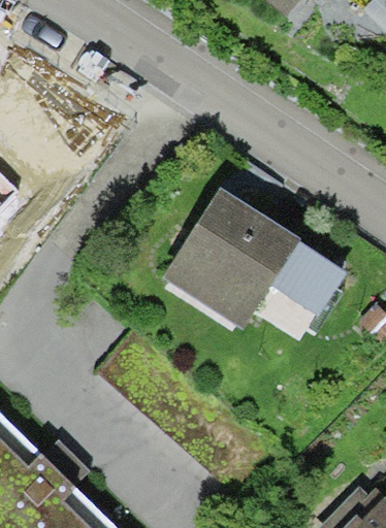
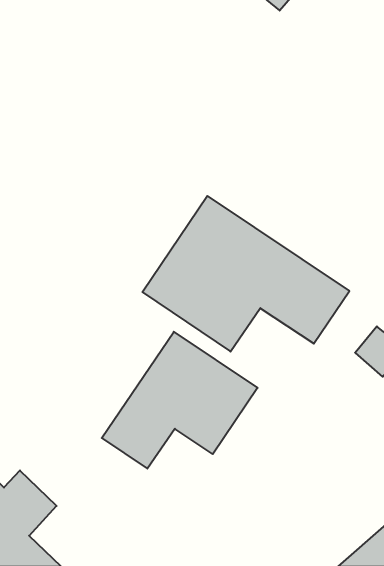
building: none -> [102,332,258,469]

